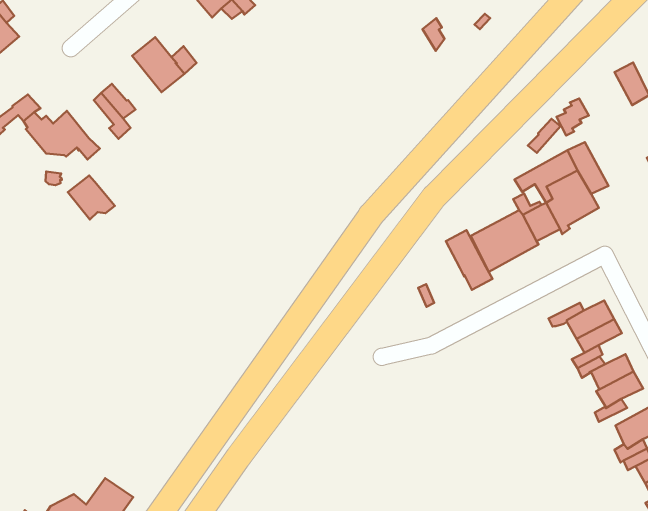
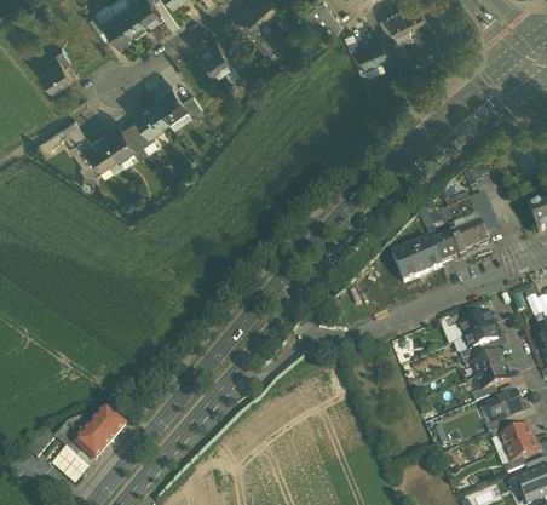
building: none -> [133,97,168,130]
building: [68,175,115,219] -> [102,122,136,155]
building: [446,230,492,290] -> none

